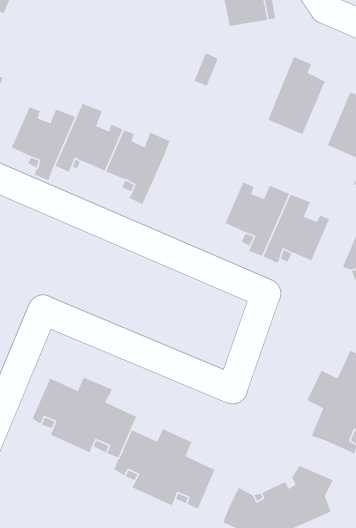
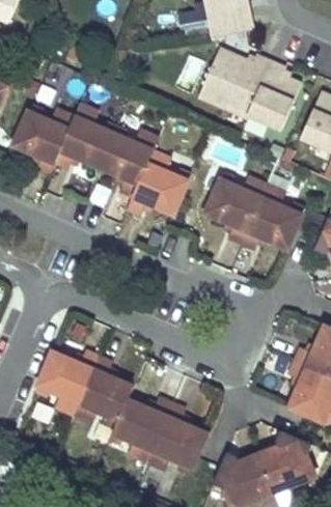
building: none -> [198,49,272,119]
building: none -> [131,151,191,215]

